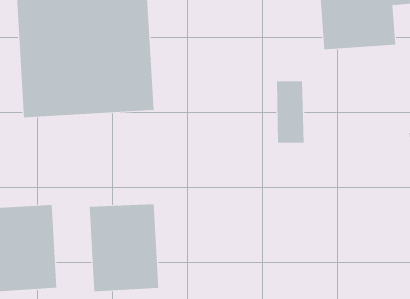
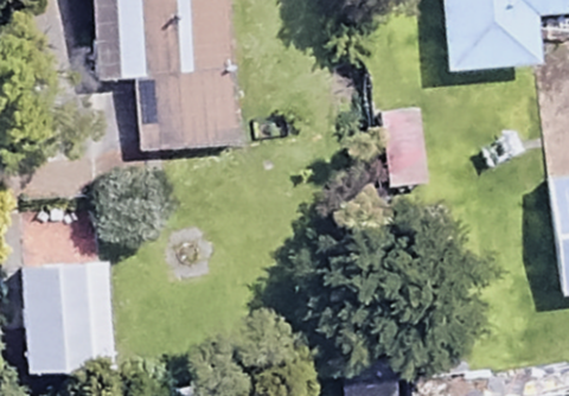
building: [89,203,159,292] -> none

